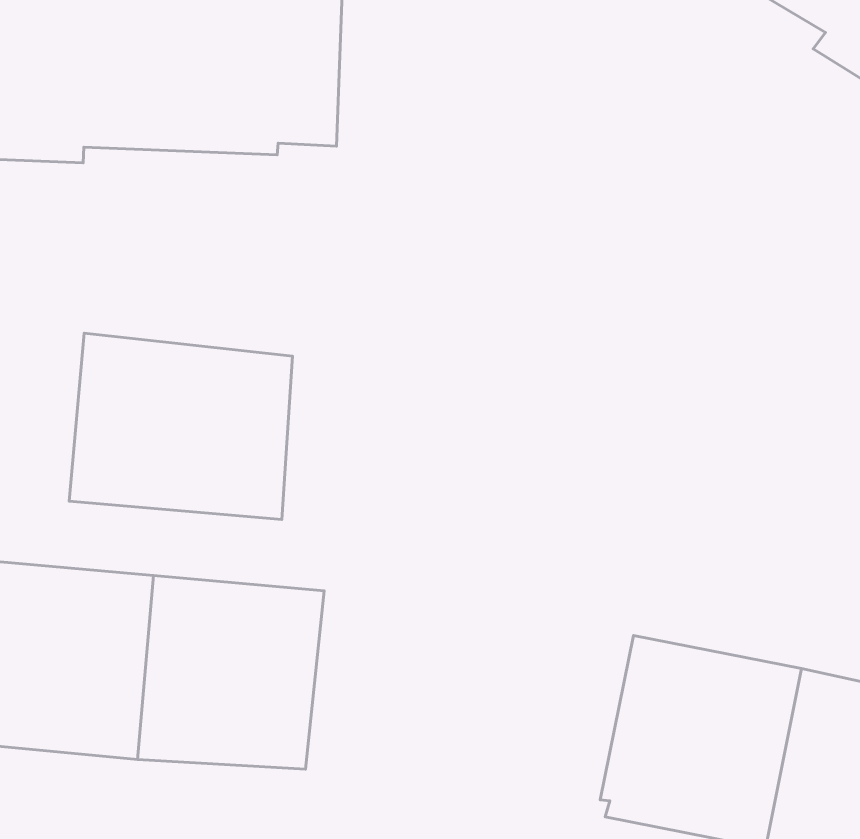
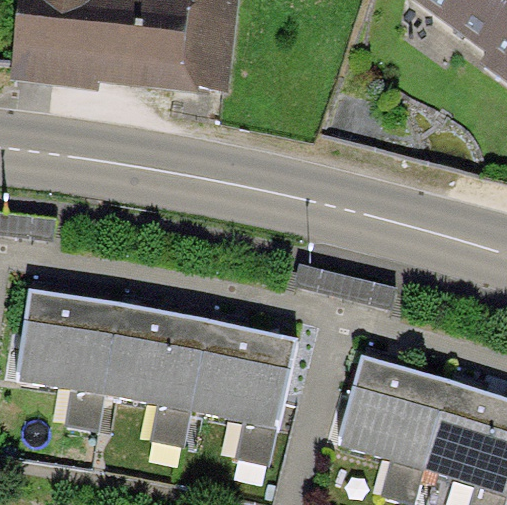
building: [69,333,293,520] -> none
building: none -> [189,319,298,429]

